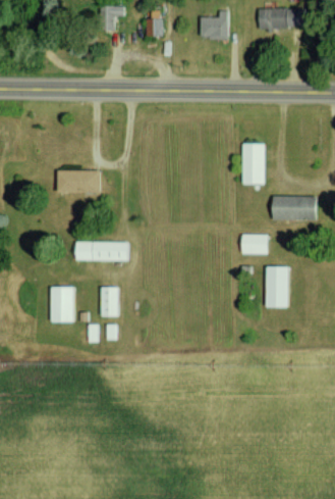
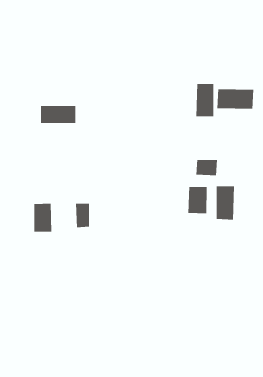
building: [273,196,318,220] -> [217,89,254,109]
building: [74,242,127,260] -> none
building: none -> [188,186,207,214]

